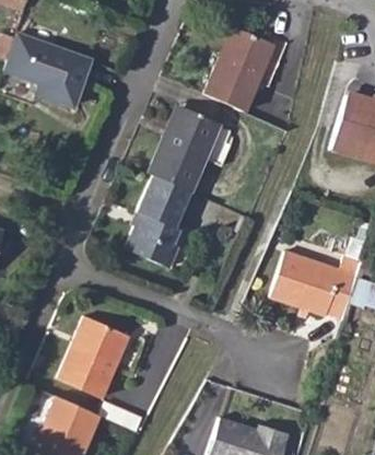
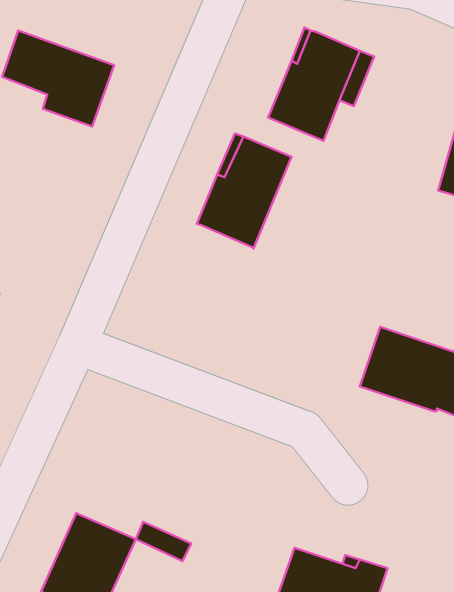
building: [127,177,190,271] -> none
building: [59,316,130,397] -> none

